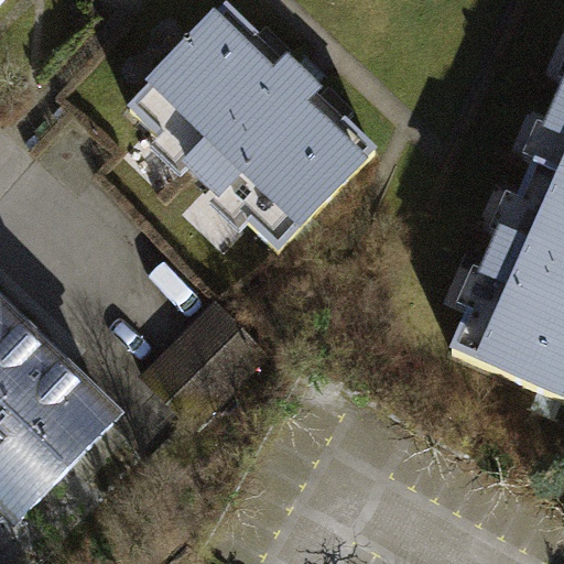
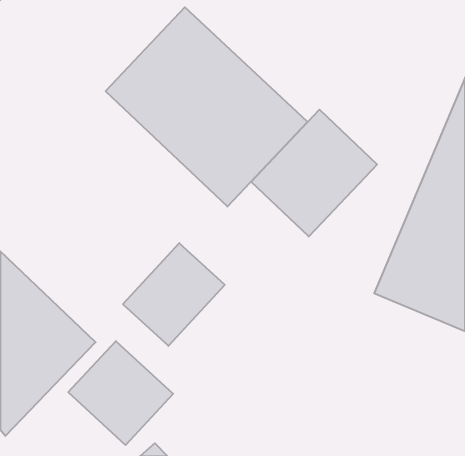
building: none -> [251,110,377,237]
building: none -> [68,341,173,445]

